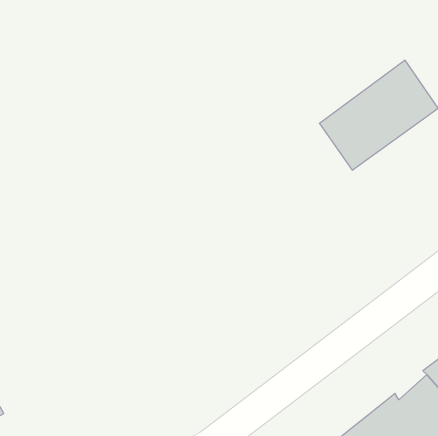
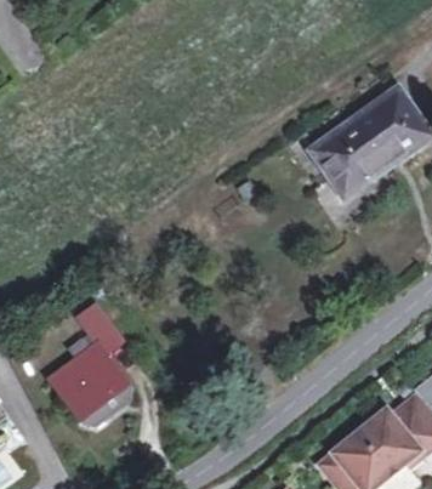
building: none -> [50,289,127,419]

